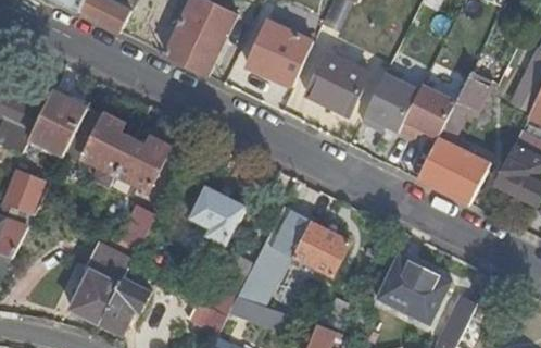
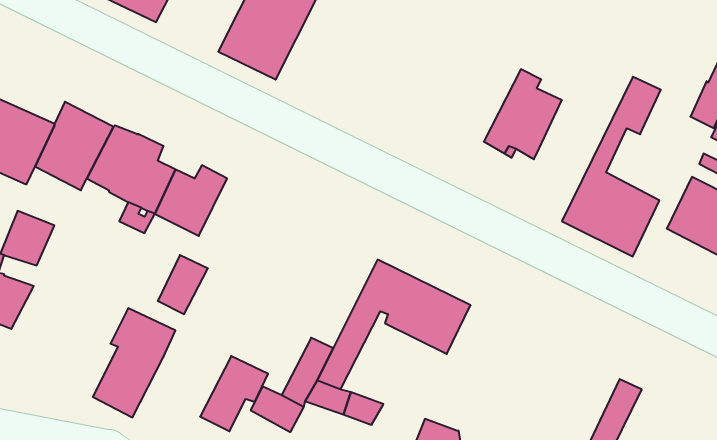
building: [244,22,311,87] -> none
building: [305,53,367,114] -> none
building: [398,83,454,137] -> none
building: [189,187,246,246] -> none
building: [375,254,451,325] -> none
building: [100,279,150,335] -> [200,356,268,431]

